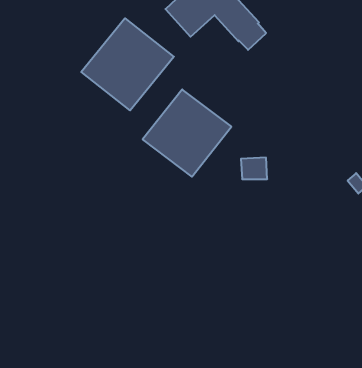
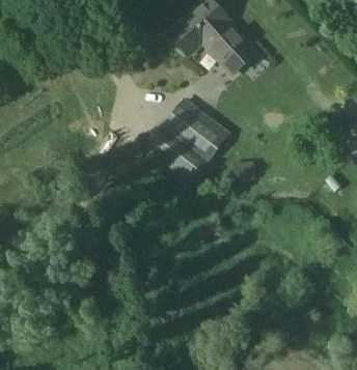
building: [81,18,174,110] -> none

